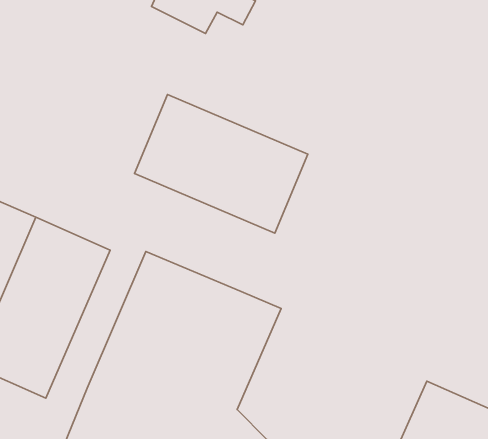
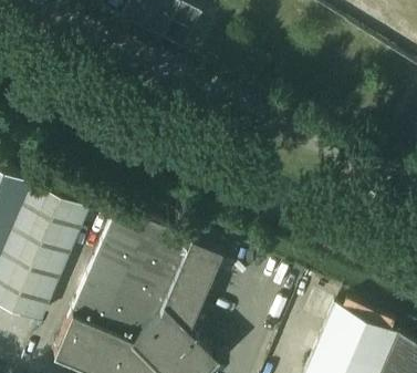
building: [135,95,308,233] -> none

